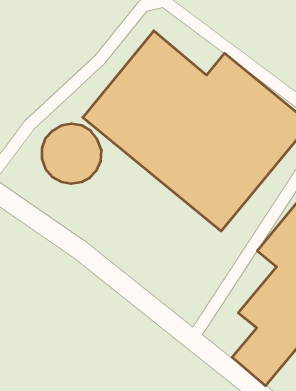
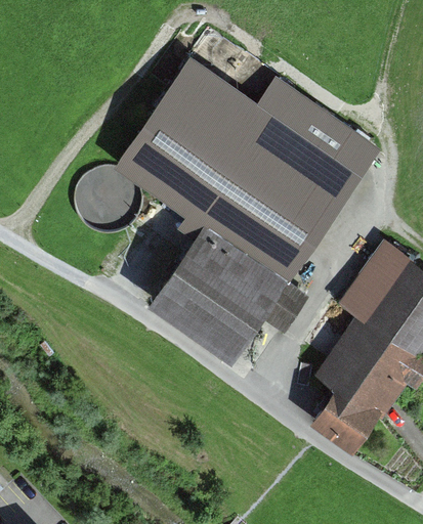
building: none -> [154,225,309,359]

